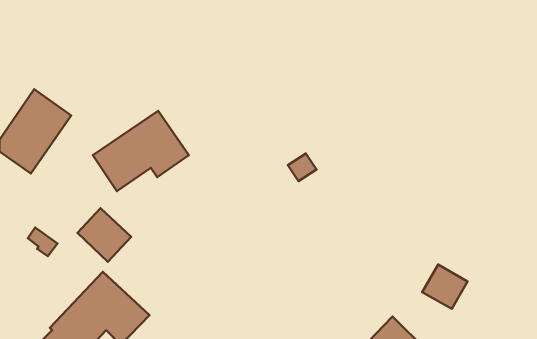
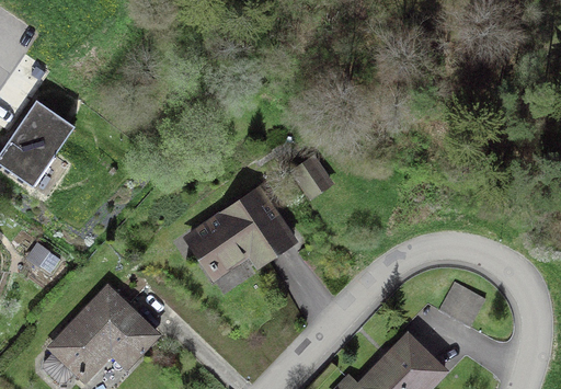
building: [93,111,189,191] -> [190,191,289,274]
building: [77,208,131,262] -> none

